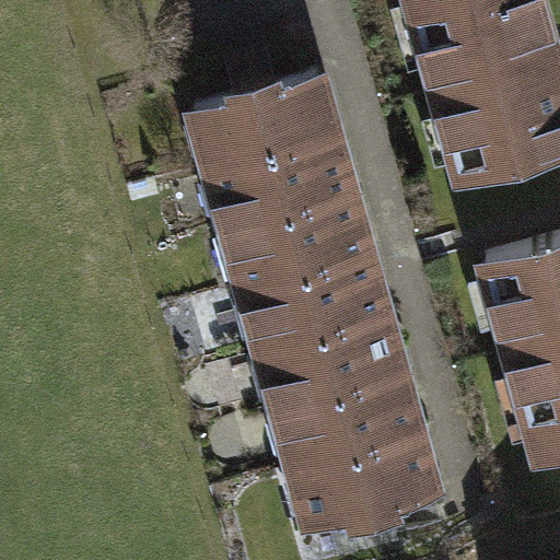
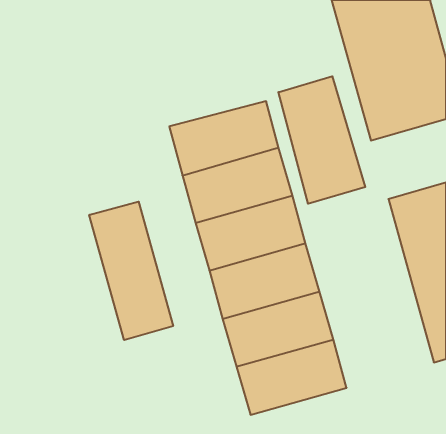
building: [196,81,334,174] -> none
building: none -> [278,76,365,204]
building: none -> [89,202,173,340]

